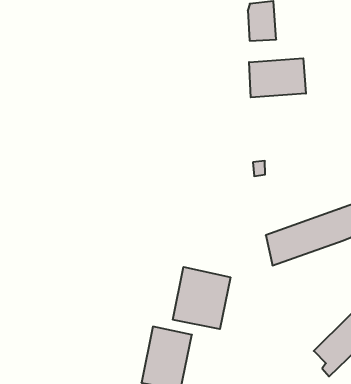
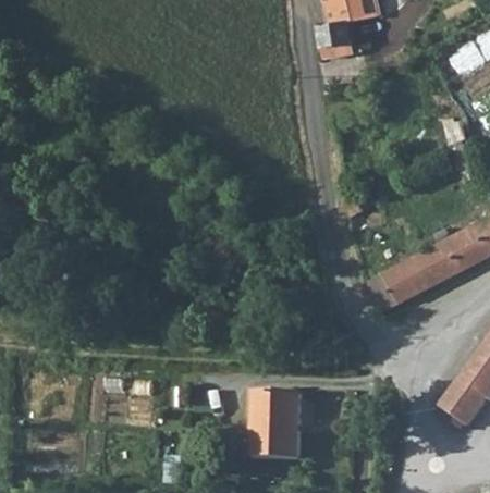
building: [249,58,306,97] -> none
building: [173,267,230,329] -> none

